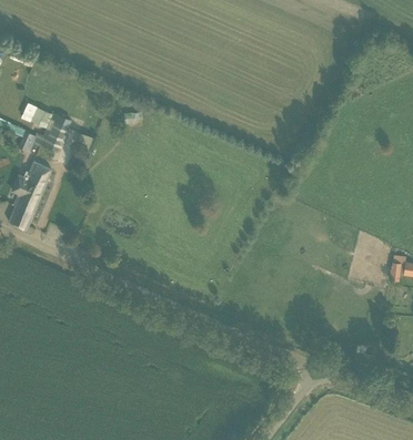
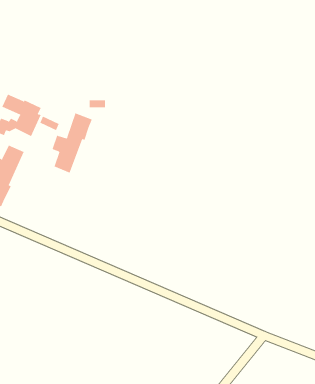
building: none -> [52,113,93,173]

